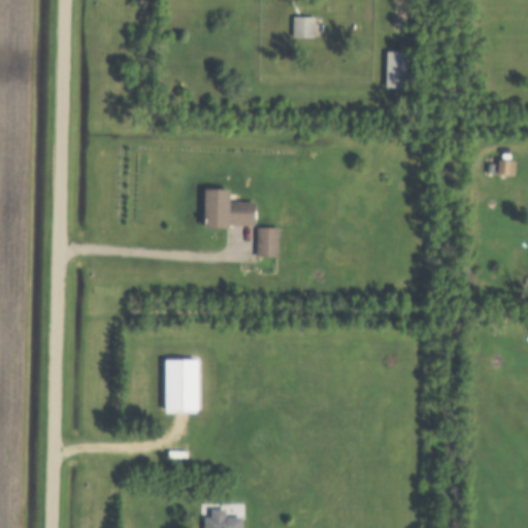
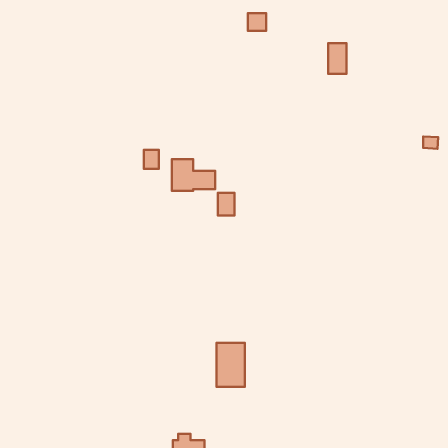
building: none -> [144,150,159,169]
building: [165,359,198,410] -> [217,343,245,387]

